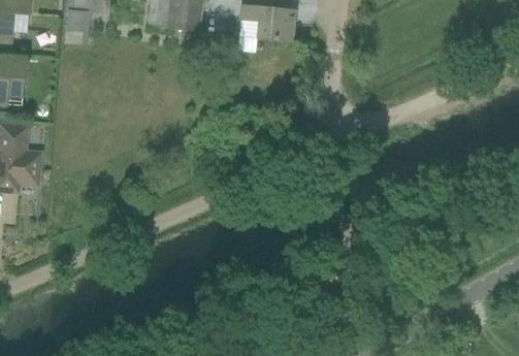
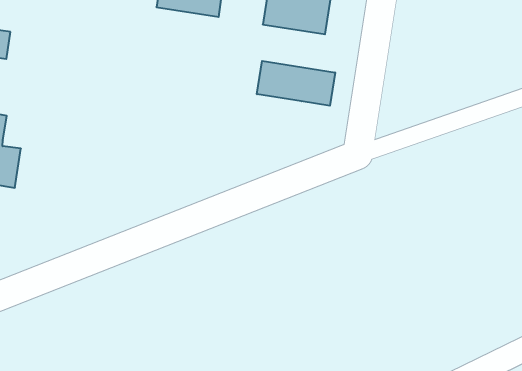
building: none -> [257,61,335,106]

